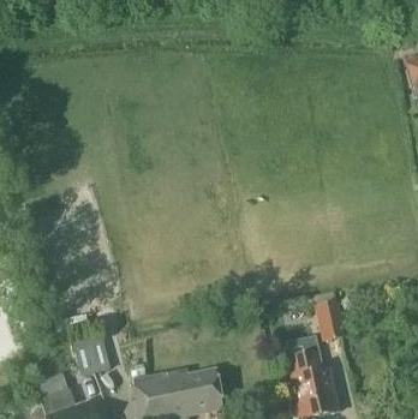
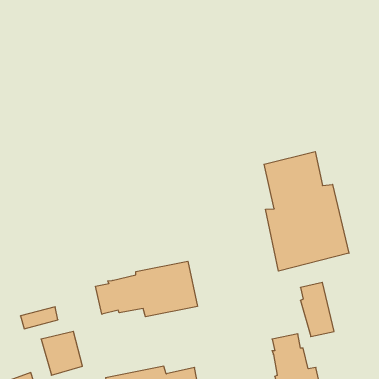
building: none -> [264,152,349,271]
building: none -> [96,261,197,317]

